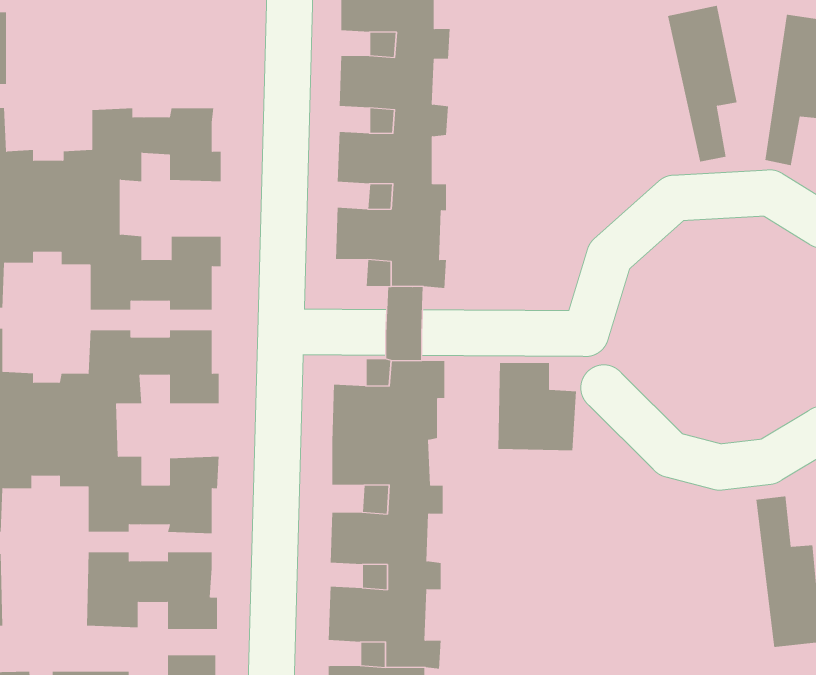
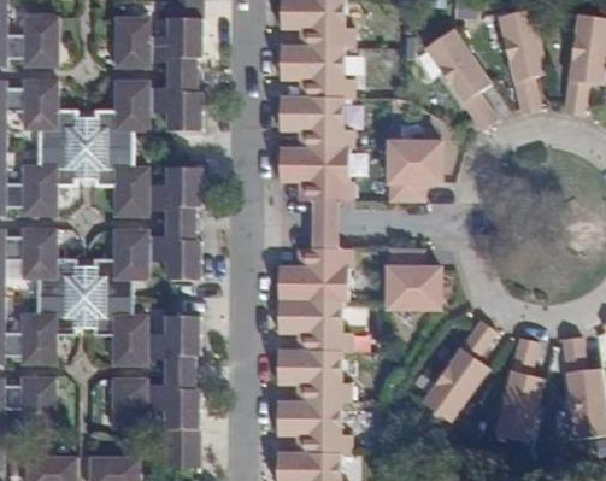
building: none -> [116,16,204,66]
building: none -> [428,30,499,134]
building: none -> [389,143,441,203]
building: none -> [420,324,493,422]
building: none -> [492,340,542,445]

